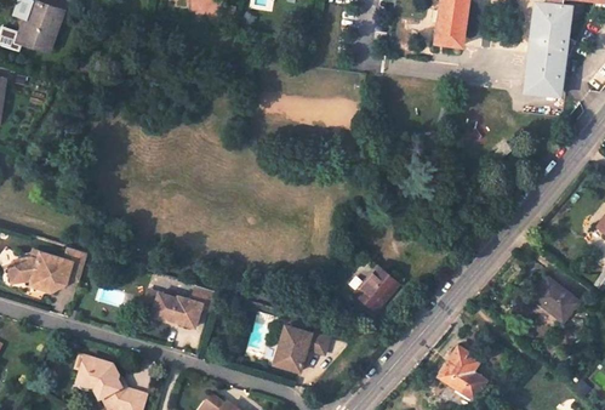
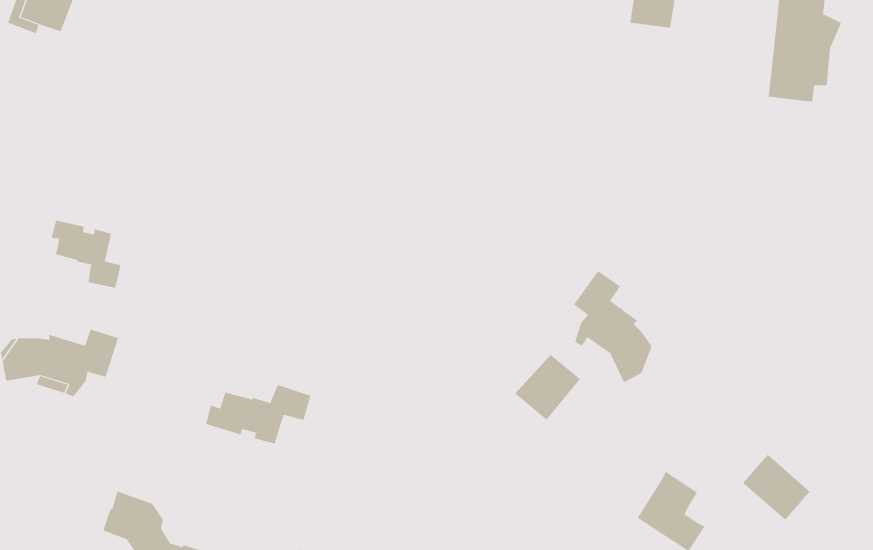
building: none -> [51,220,121,289]
building: none -> [573,270,652,383]
building: [533,279,580,324] -> [742,454,811,521]
building: [273,326,330,372] -> none

